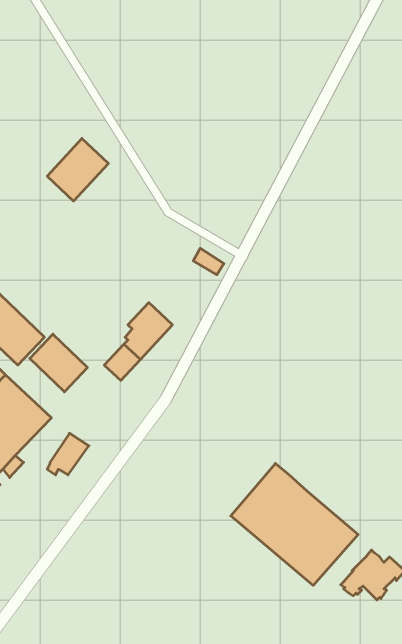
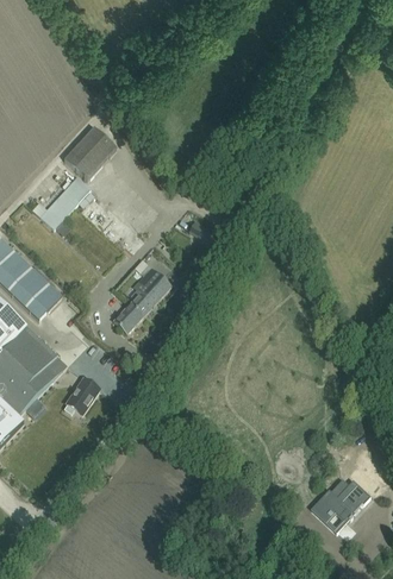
building: none -> [40,175,91,233]
building: [30,334,87,392] -> none
building: [231,463,358,585] -> none

